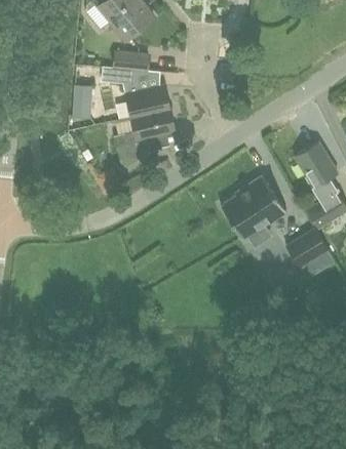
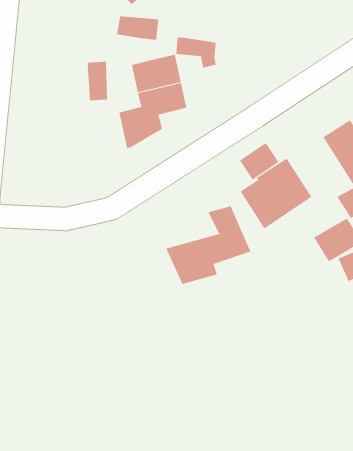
building: [102,66,138,93] -> [176,37,216,68]
building: none -> [239,142,279,181]
building: none -> [166,206,251,285]

